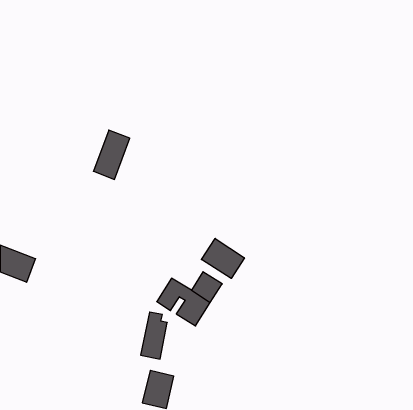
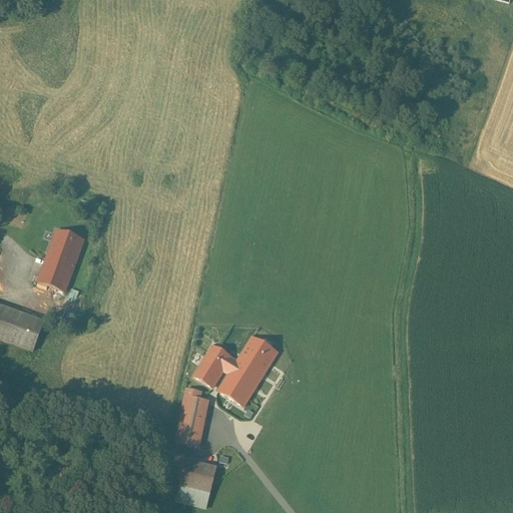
building: [93,130,130,179] -> [38,229,83,291]
building: [201,238,244,278] -> none

